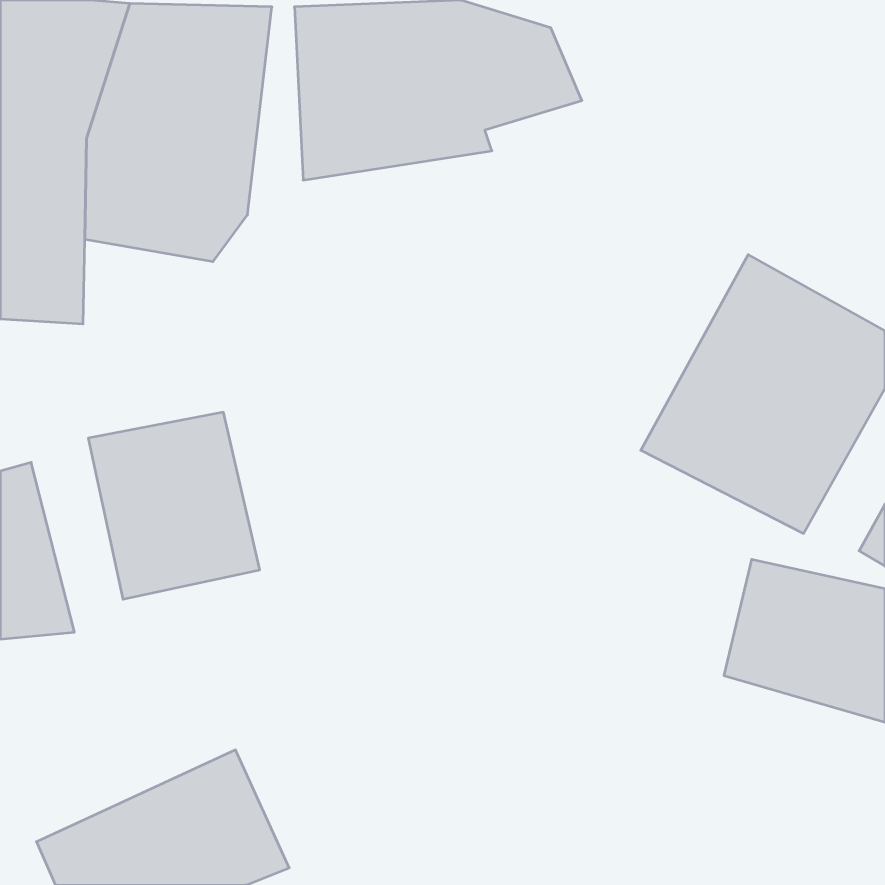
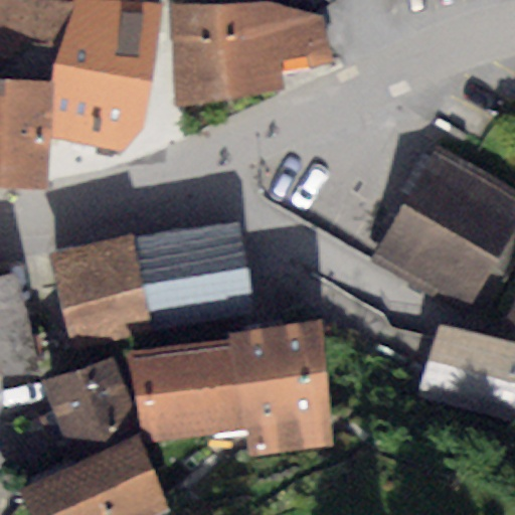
building: none -> [130,221,258,331]
building: none -> [133,318,334,458]
building: none -> [41,360,137,467]

